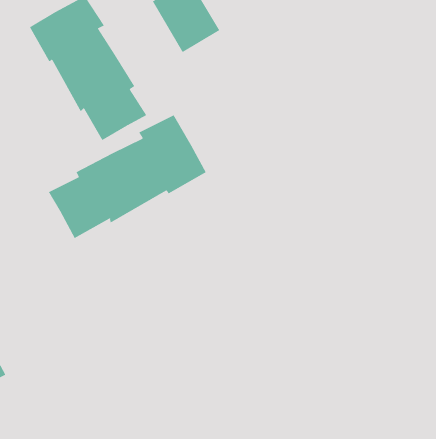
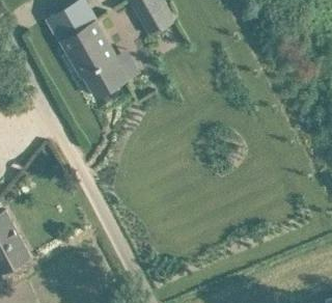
building: [48,115,206,239] -> none

